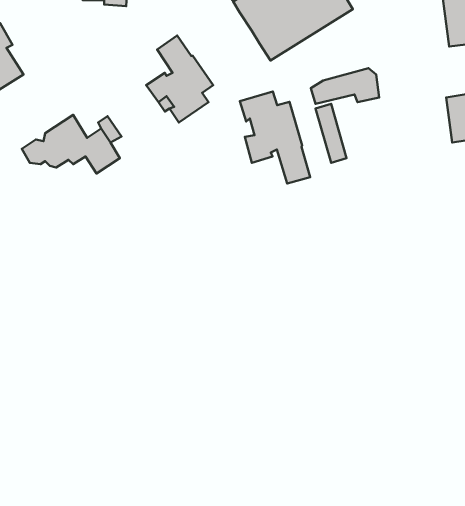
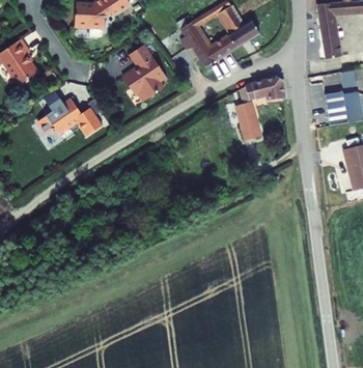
building: [240,91,310,184] -> none

